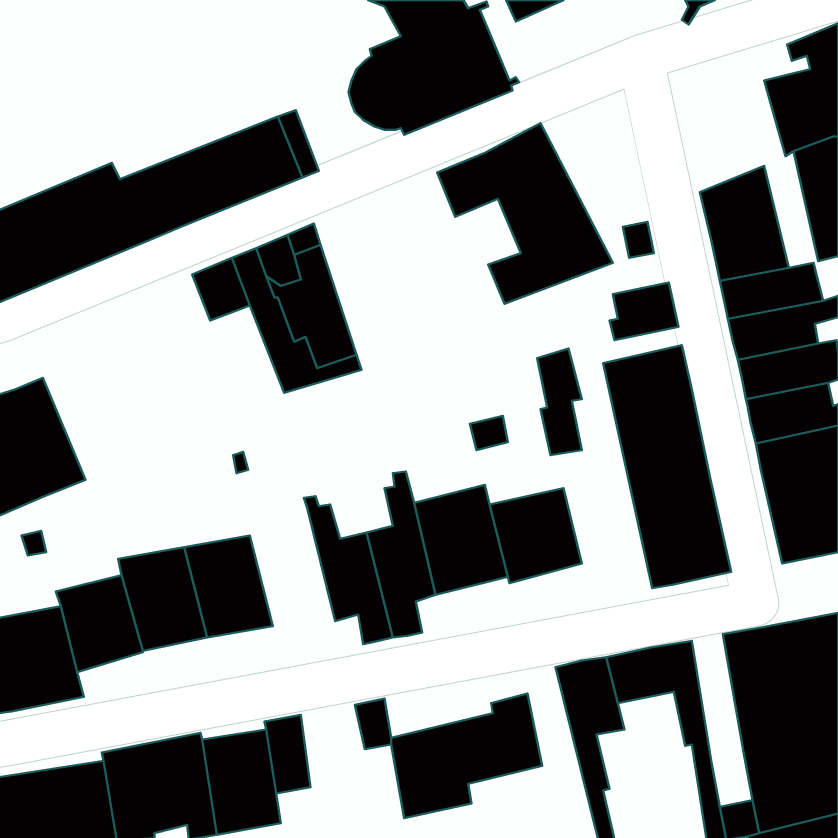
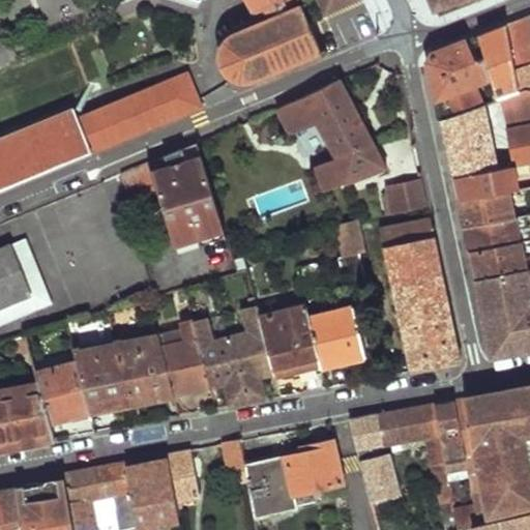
building: none -> [429,37,495,122]
building: none -> [155,321,210,395]
building: none -> [436,401,469,481]

